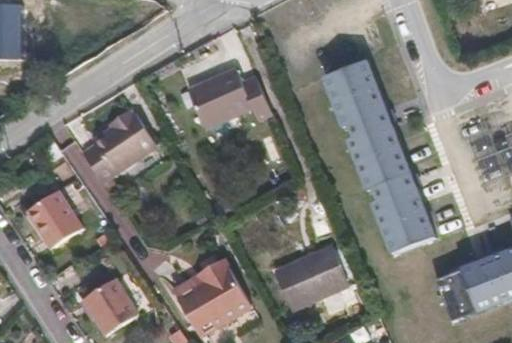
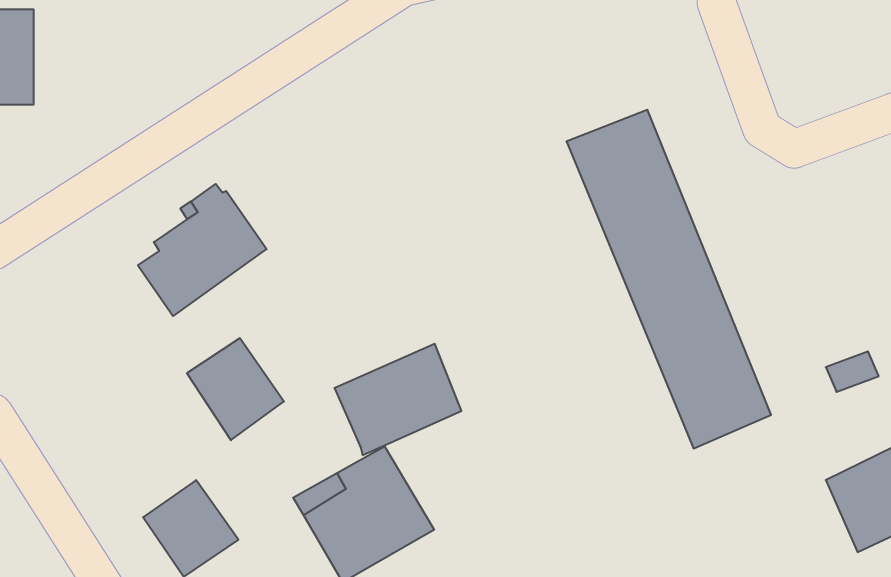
building: [189,72,274,131] -> none
building: [21,188,76,246] -> [187,338,284,440]
building: [281,254,353,317] -> [334,344,461,455]
building: [440,273,480,323] -> none

